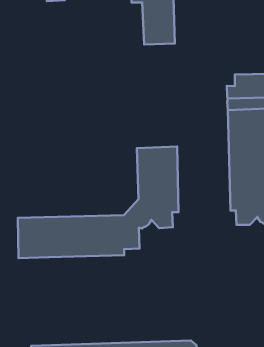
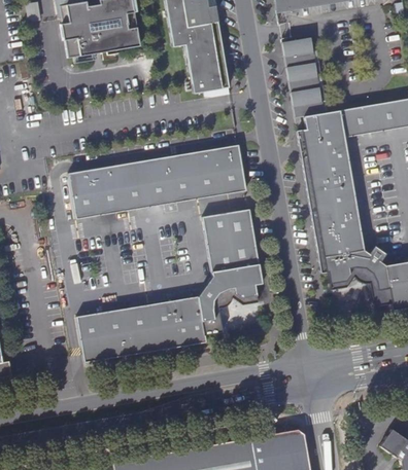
building: none -> [282,36,325,117]
building: none -> [69,143,247,218]

